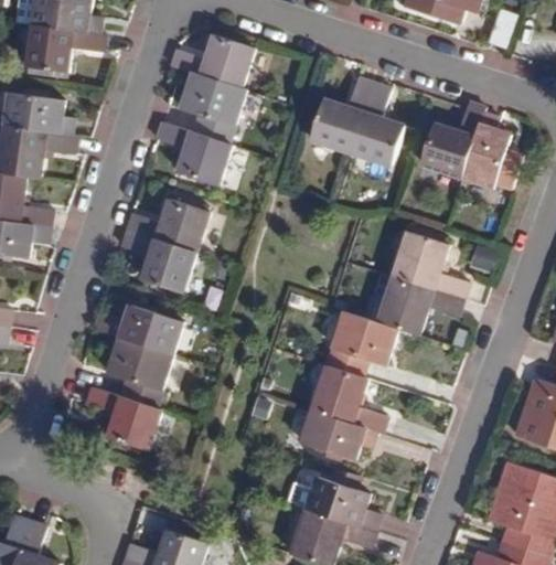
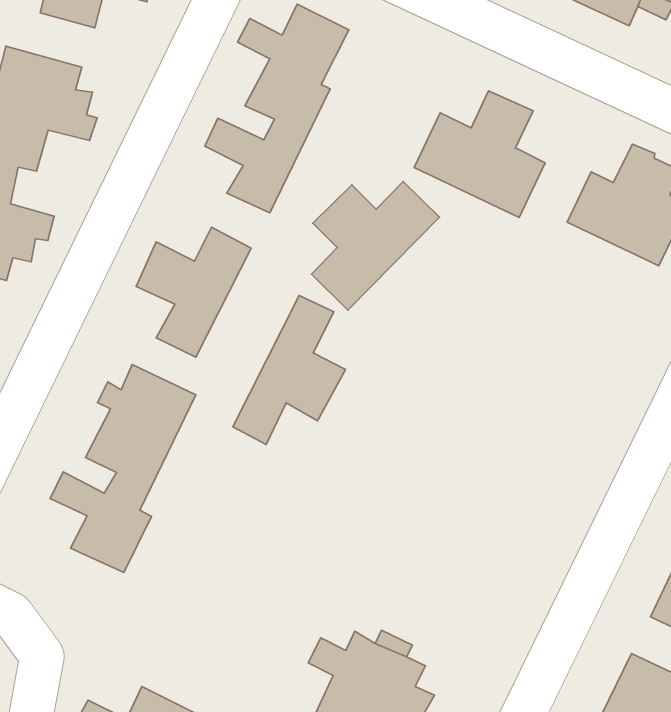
building: none -> [312,181,439,310]
building: [297,230,479,460] -> none
building: none -> [233,295,346,445]

